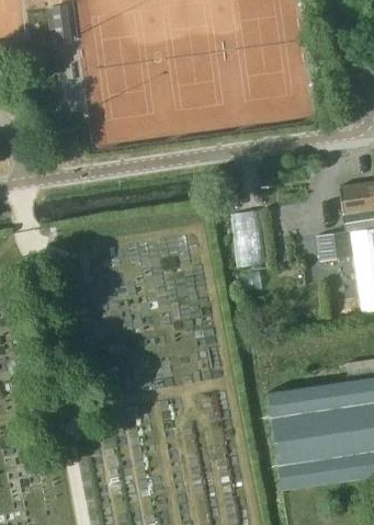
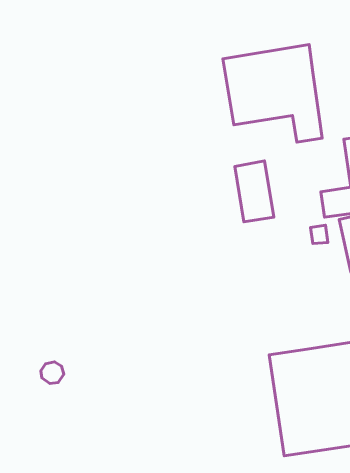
building: none -> [223,44,322,142]

